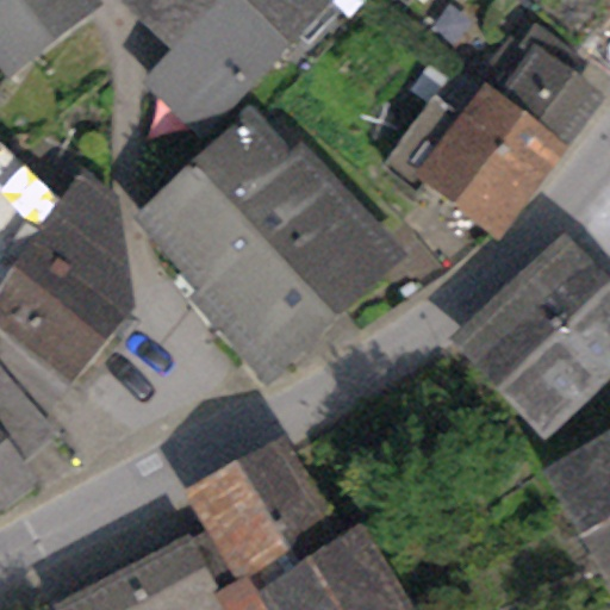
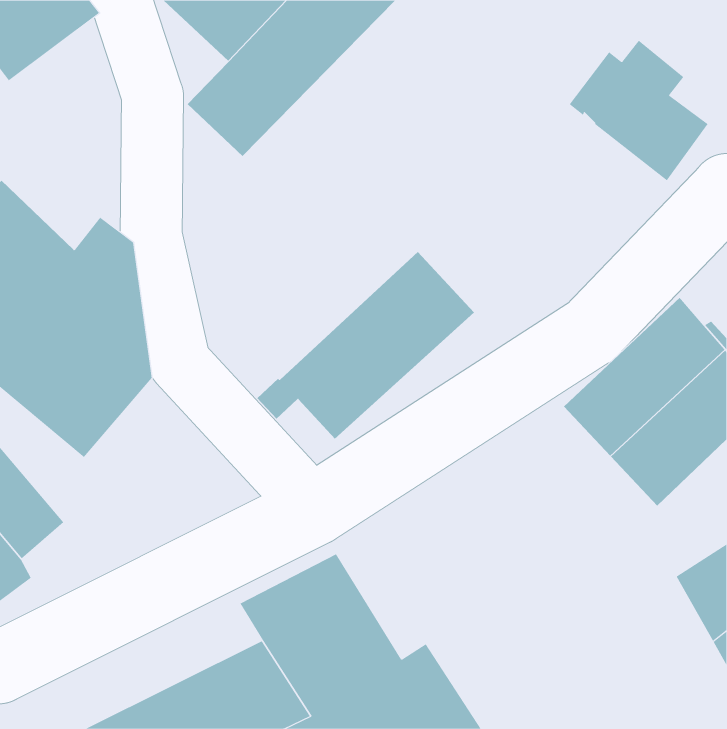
building: [390,75,558,234] -> none
building: [141,126,349,317] -> none

